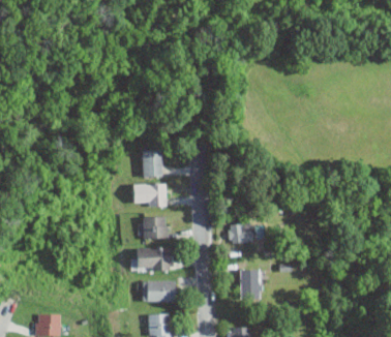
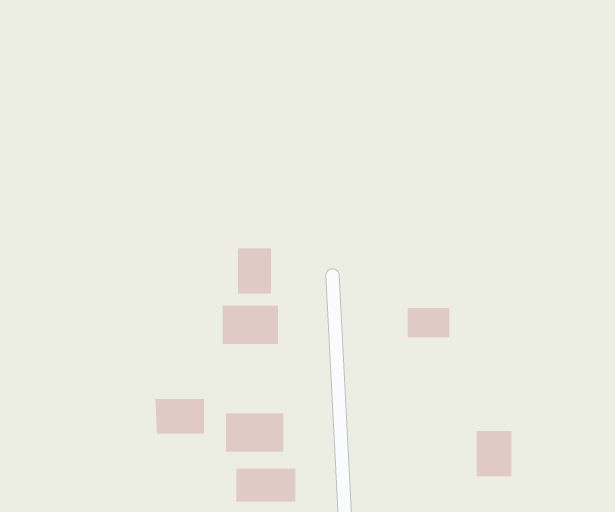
building: [139,217,169,239] -> [154,398,205,434]
building: [229,223,254,242] -> [407,307,450,338]
building: [239,269,261,297] -> [476,430,512,477]

